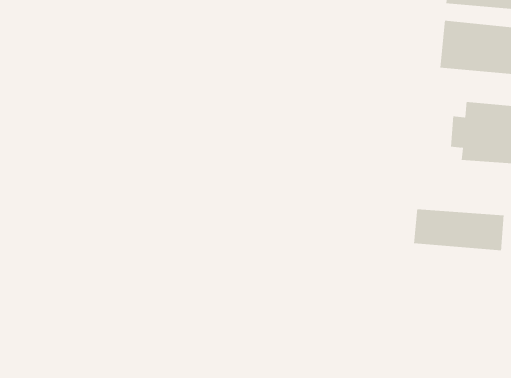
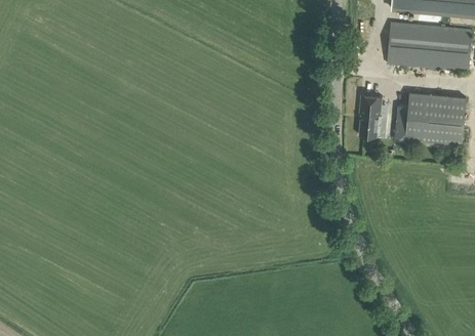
building: none -> [359,93,383,135]
building: [413,208,504,251] -> none

